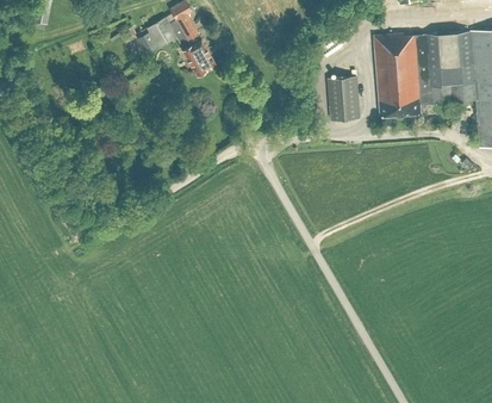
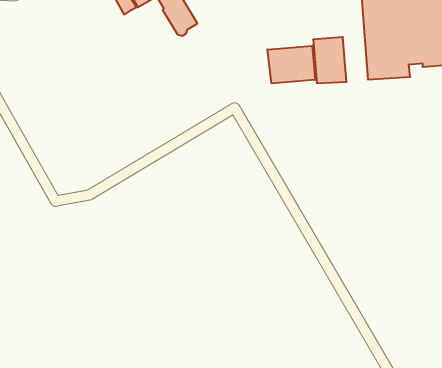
building: none -> [267,46,315,83]

